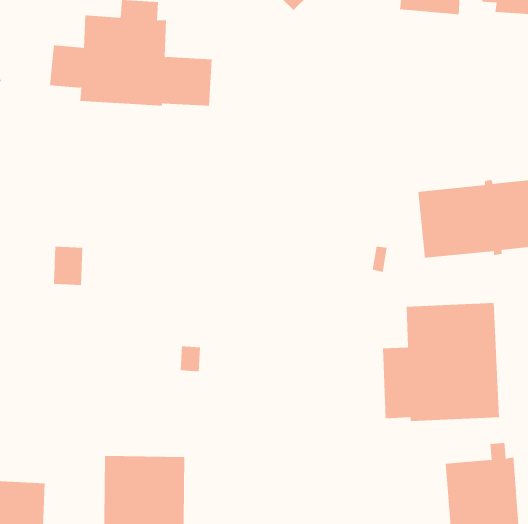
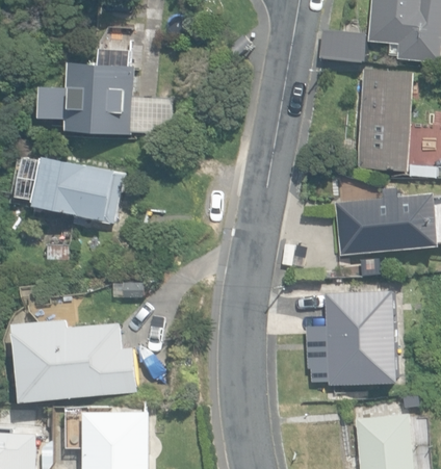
building: none -> [356,69,414,172]
building: none -> [15,155,123,226]
building: none -> [17,318,135,400]

